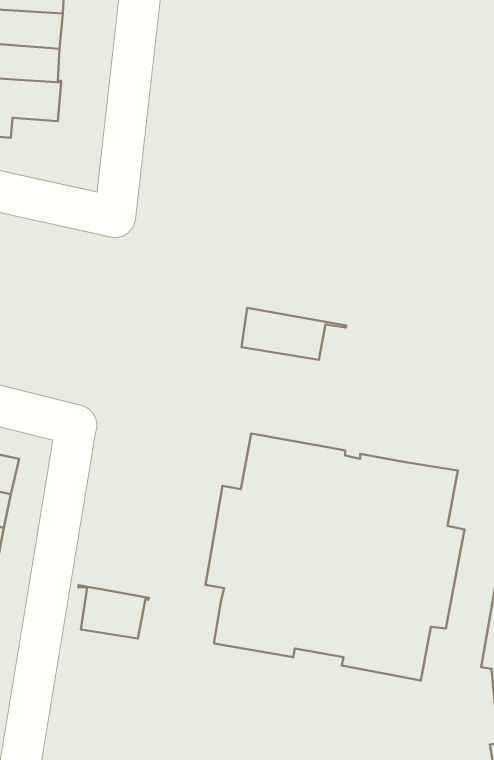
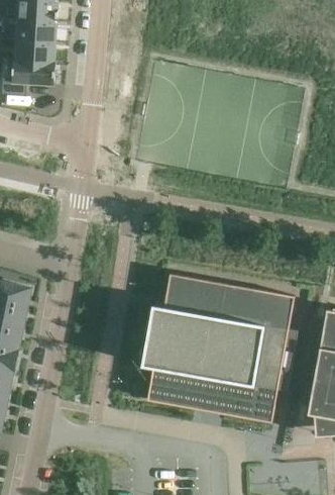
building: [241,308,346,360] -> none
building: [78,585,149,638] -> none

